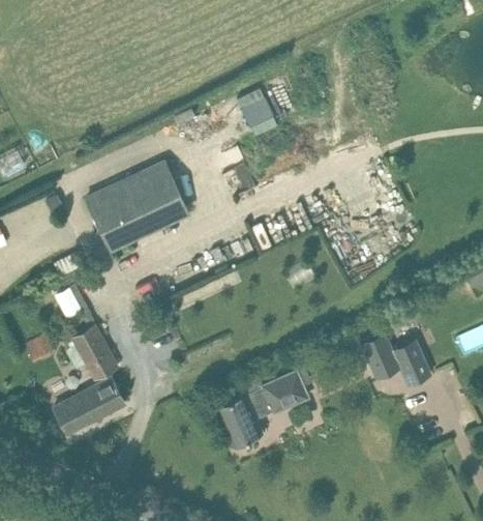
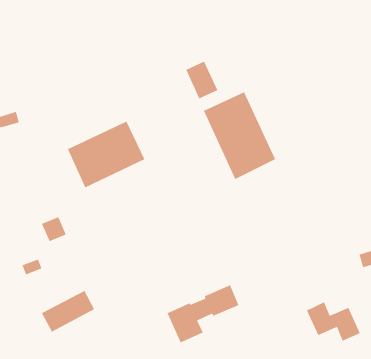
building: none -> [203,91,276,180]
building: [64,325,116,379] -> none
building: [360,334,430,385] -> [306,301,361,342]

